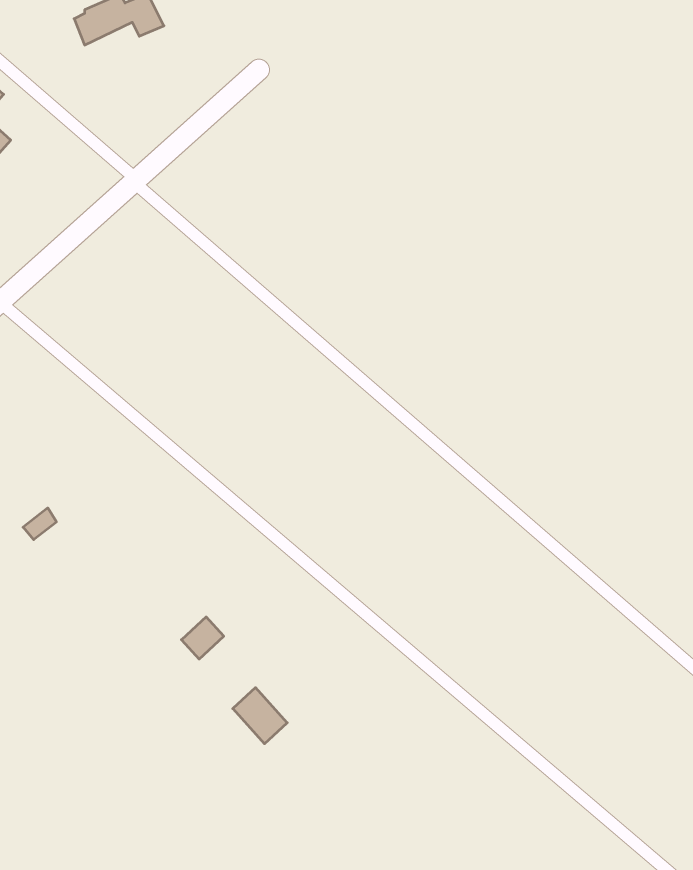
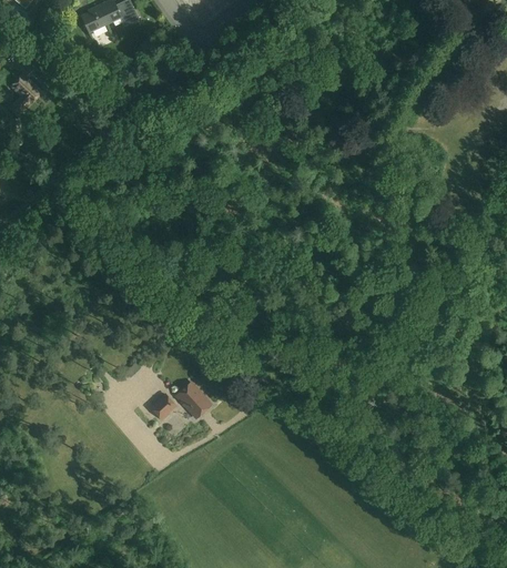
building: [233,688,287,744] -> [176,384,211,419]

